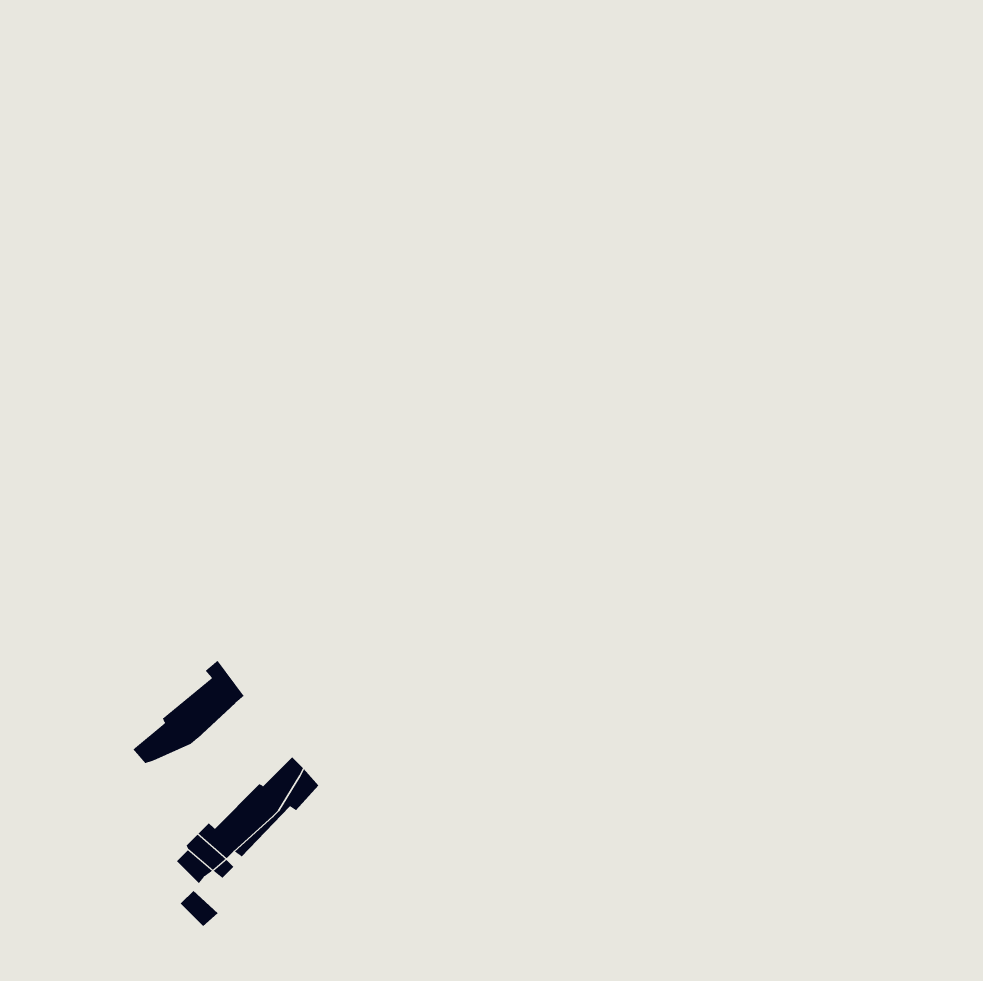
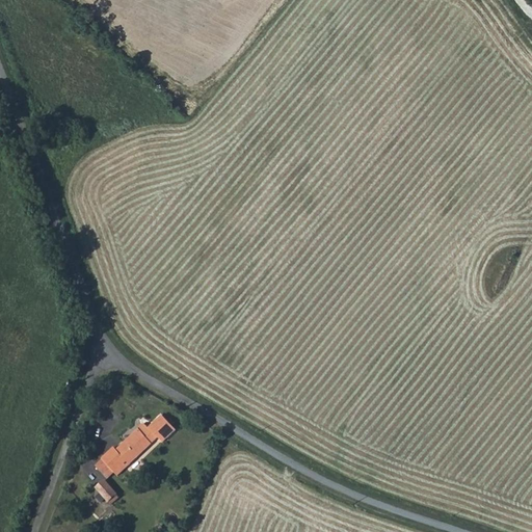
building: [133,660,245,764] -> none

